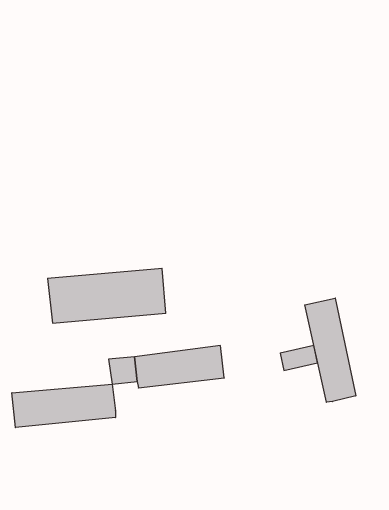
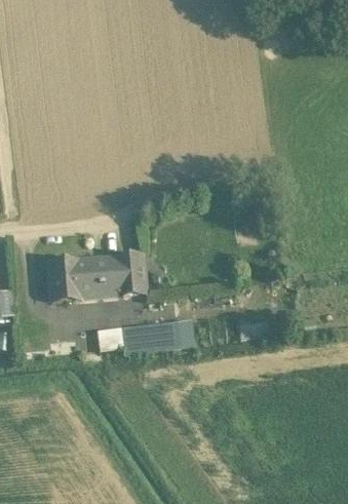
building: [305,298,356,402] -> none
building: [12,384,115,428] -> none

